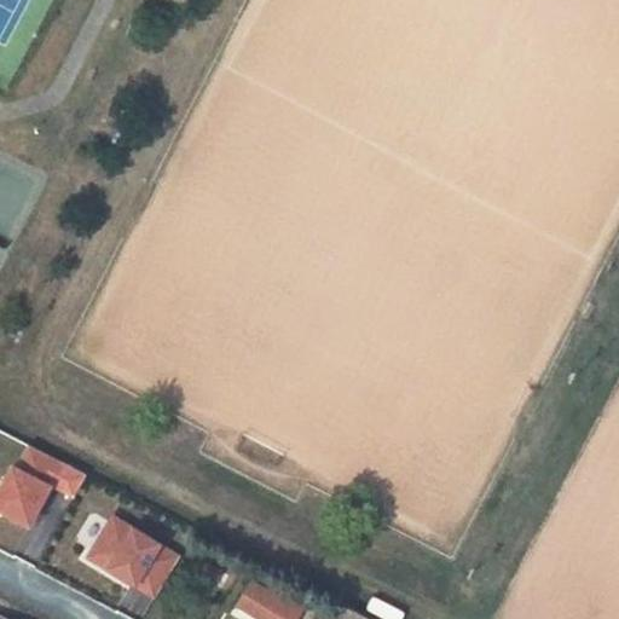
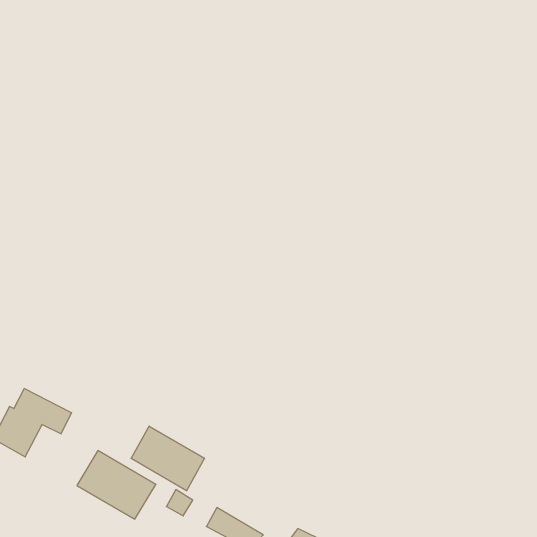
building: none -> [131,426,205,491]

